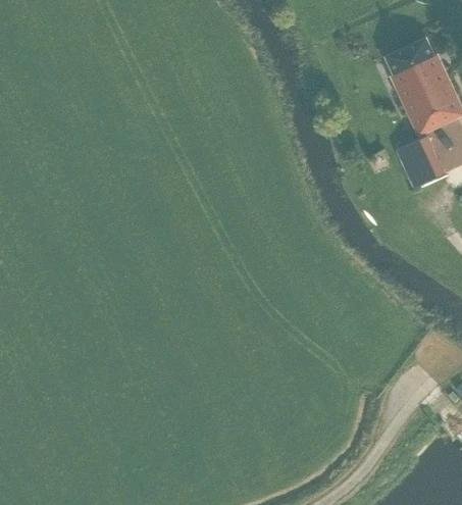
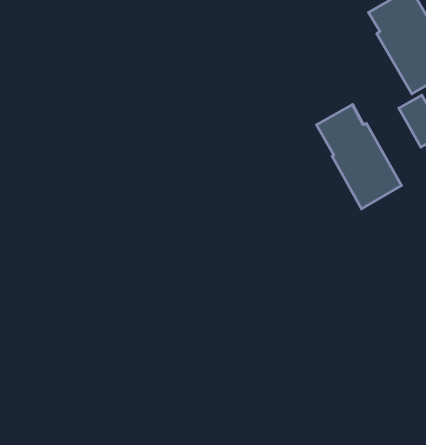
building: none -> [316,105,402,209]

